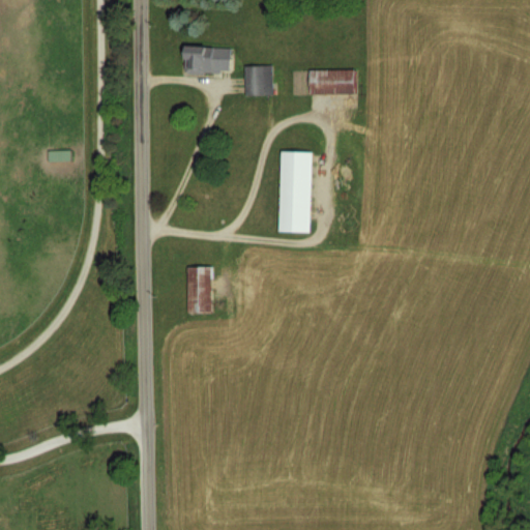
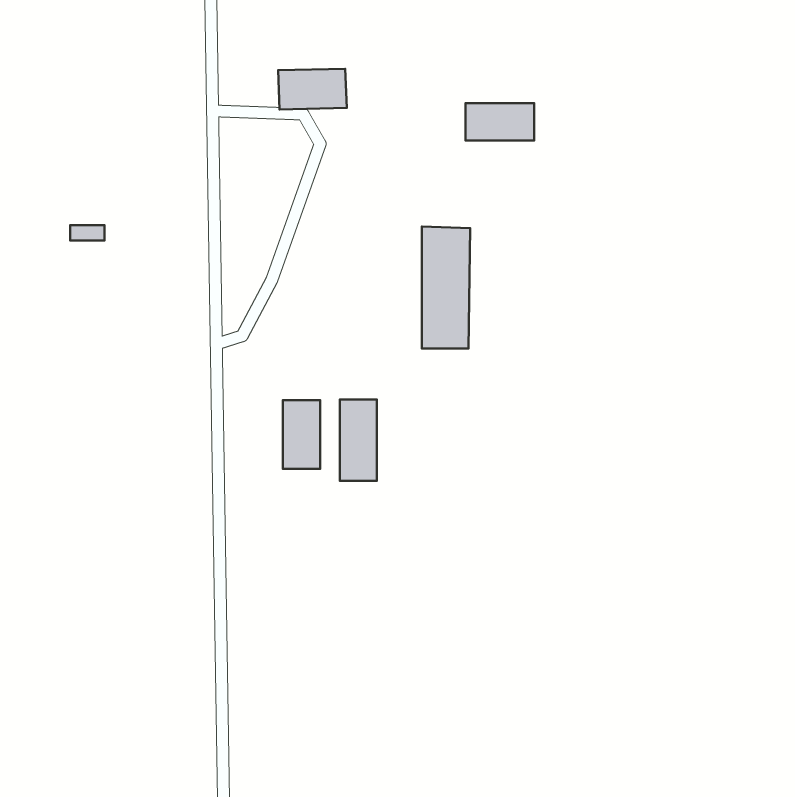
building: [244,65,271,95] -> none
building: none -> [340,399,377,481]

